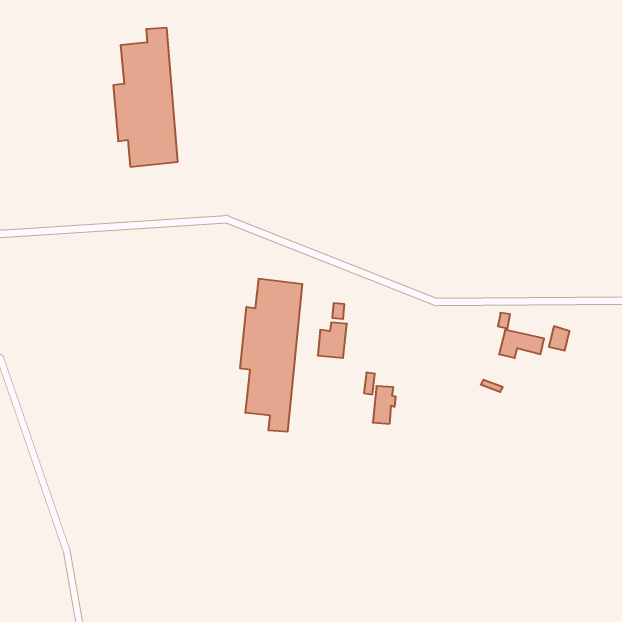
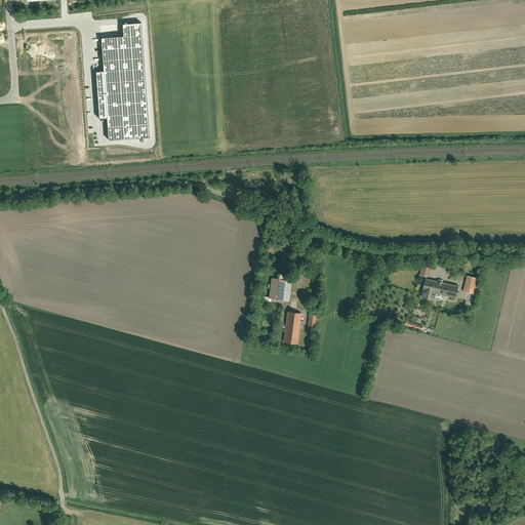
building: [240,279,302,432] -> none
building: [373,386,396,424] -> [283,312,302,344]

